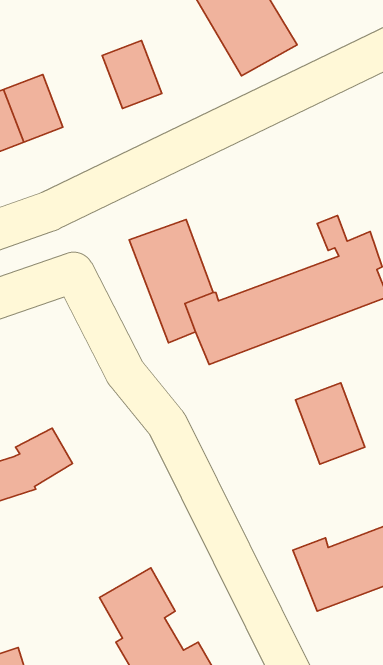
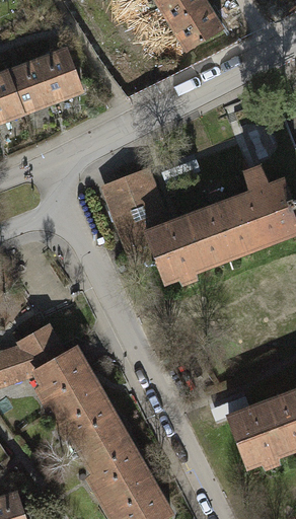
building: [102,41,162,108] -> [38,51,82,101]
building: [296,383,365,464] -> none
building: none -> [31,346,119,453]

